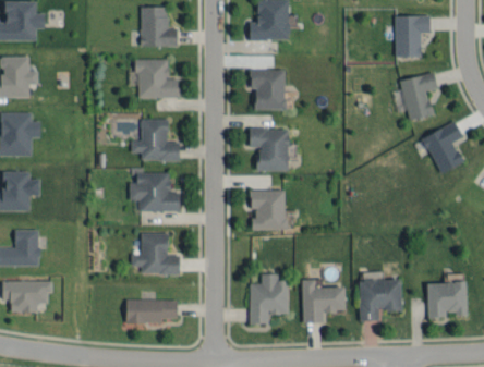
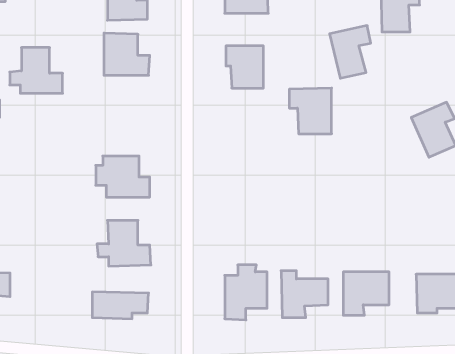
building: [400,73,438,122] -> [330,26,371,78]
building: [131,119,180,161] -> [10,48,63,93]
building: [250,129,289,171] -> [289,88,332,134]
building: [250,191,287,231] -> none

